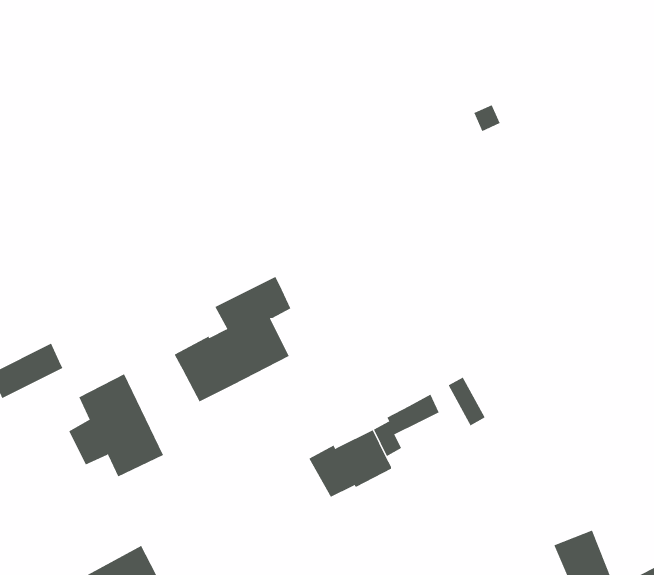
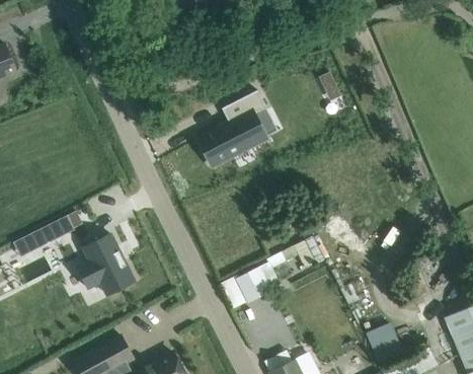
building: [174,276,291,402] -> [198,90,267,165]

